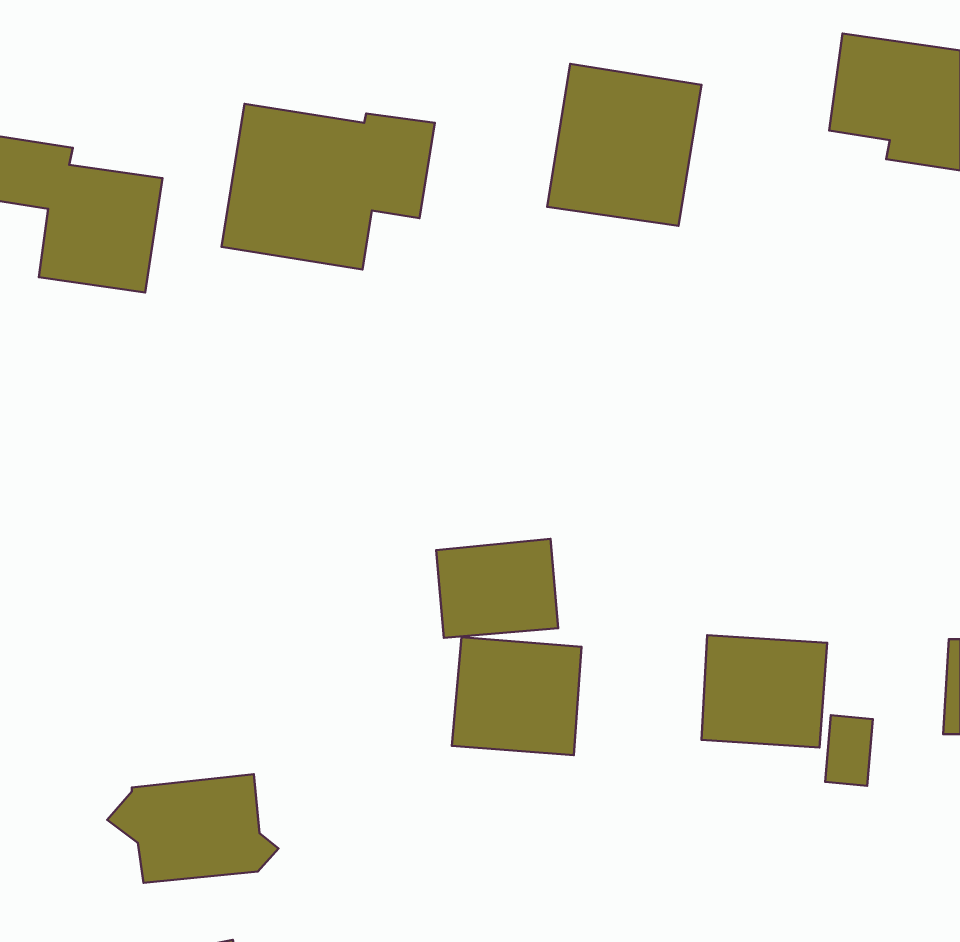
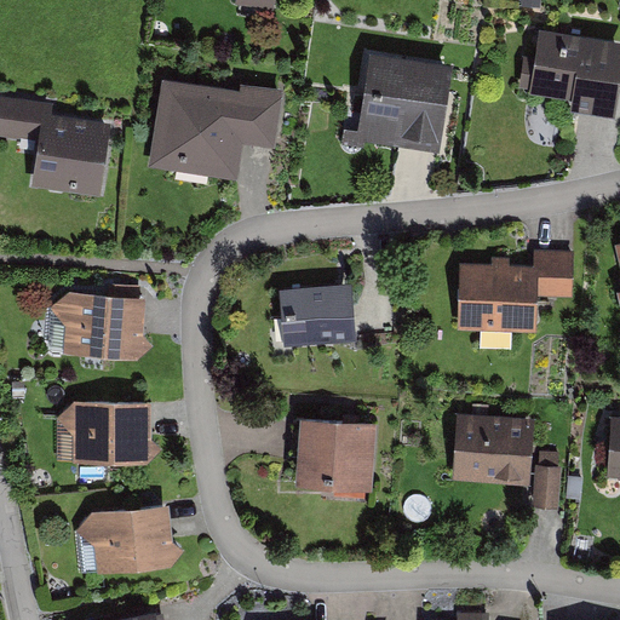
building: none -> [459,258,573,335]
building: none -> [51,292,151,357]
building: [436,539,558,638] -> [277,283,355,346]
building: none -> [54,401,160,463]

